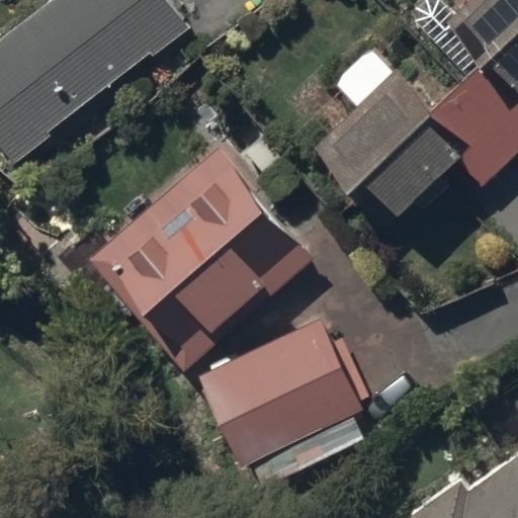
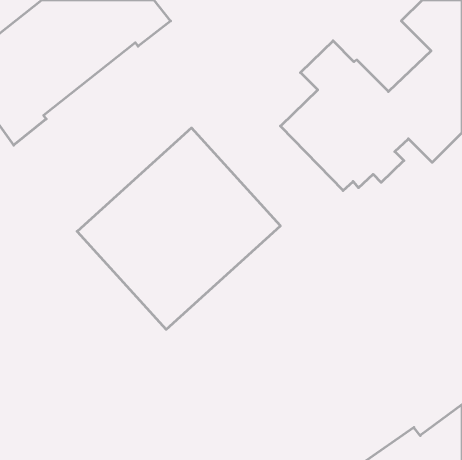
building: [199,317,364,491] -> none

